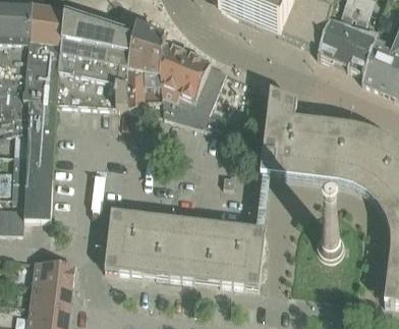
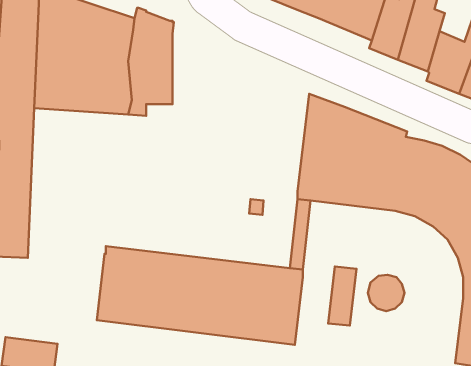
building: [163,45,226,129] -> none
building: none -> [328,266,357,326]
building: [33,260,75,287] -> none

